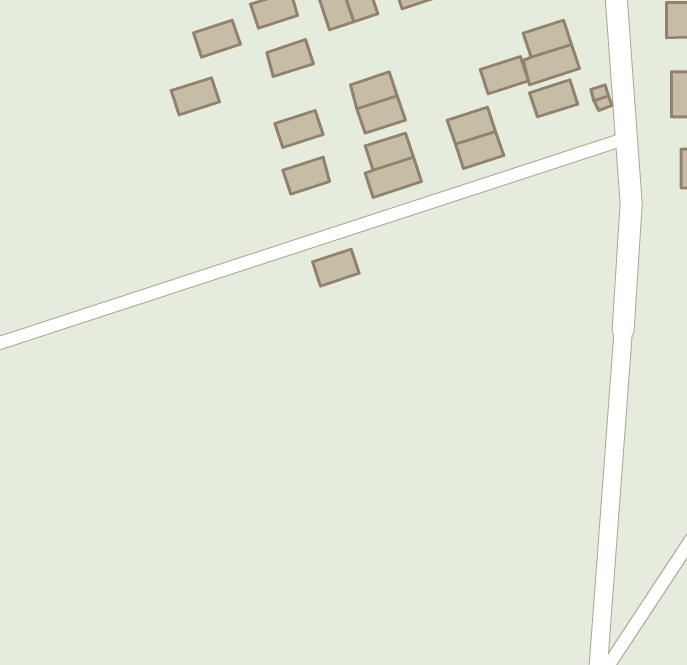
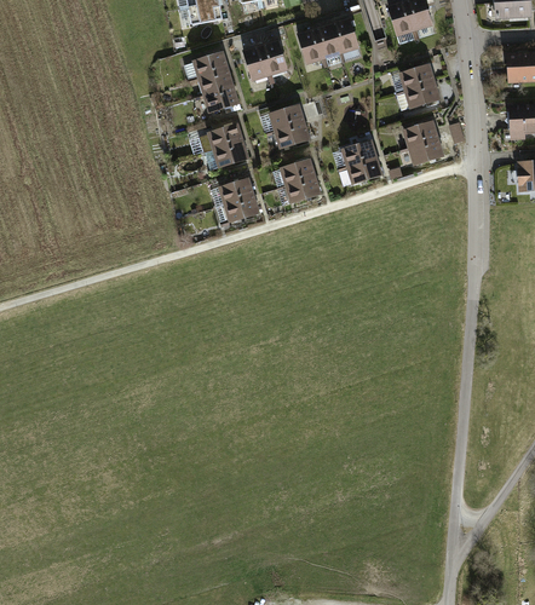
building: [194,20,240,57] -> [199,67,234,94]
building: [480,57,528,94] -> [408,133,444,161]
building: [171,78,219,115] -> [205,120,241,148]
building: [313,249,359,286] -> [223,191,258,219]

